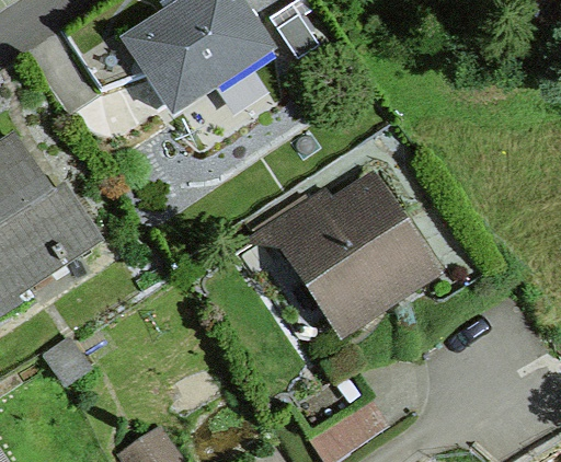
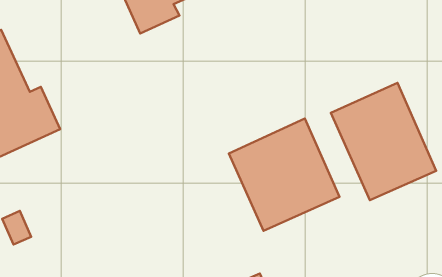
building: none -> [331,83,436,200]

